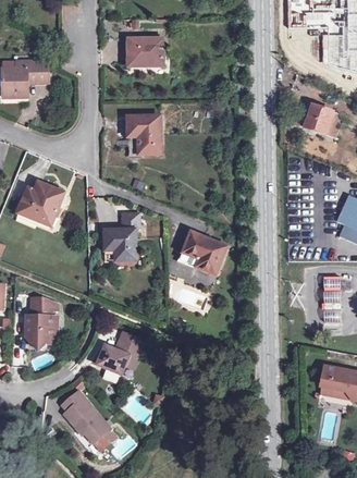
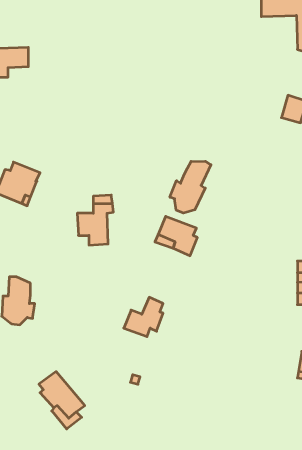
building: [127,38,162,65] -> none
building: [126,117,157,152] -> none
building: none -> [170,161,211,213]
building: [96,331,136,371] -> [124,297,163,337]

